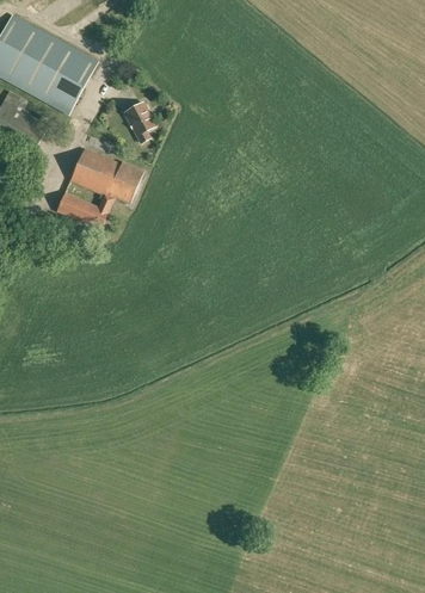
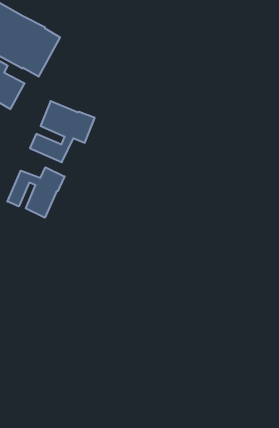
building: [124,101,155,141] -> none
building: none -> [7,167,65,218]

